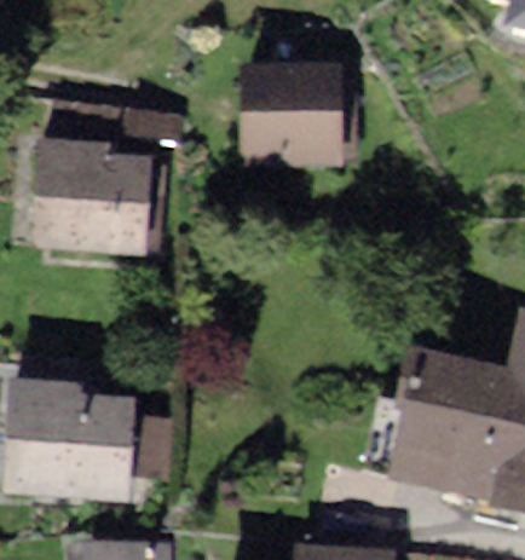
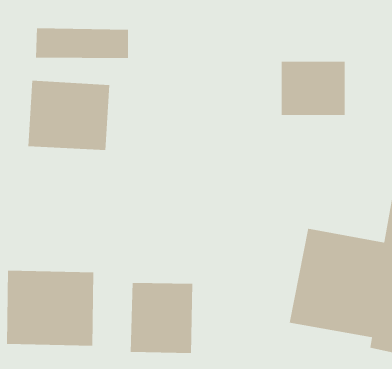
building: [259,91,342,161] -> [281,61,346,116]
building: none -> [130,282,193,354]

